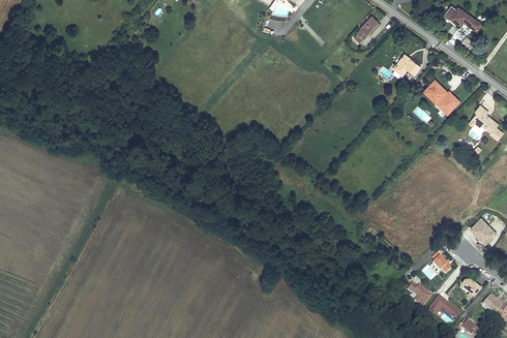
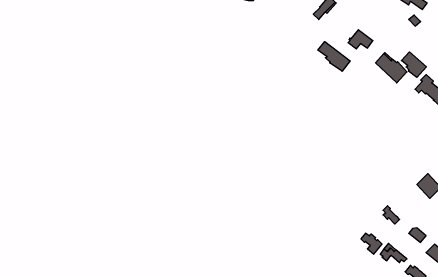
building: none -> [318,42,350,71]
building: none -> [401,52,426,77]

